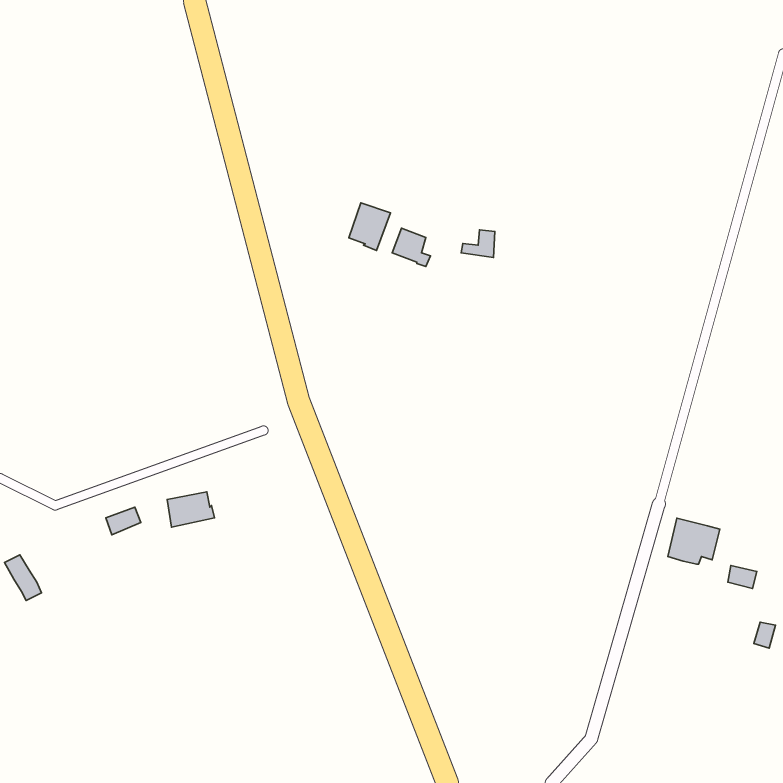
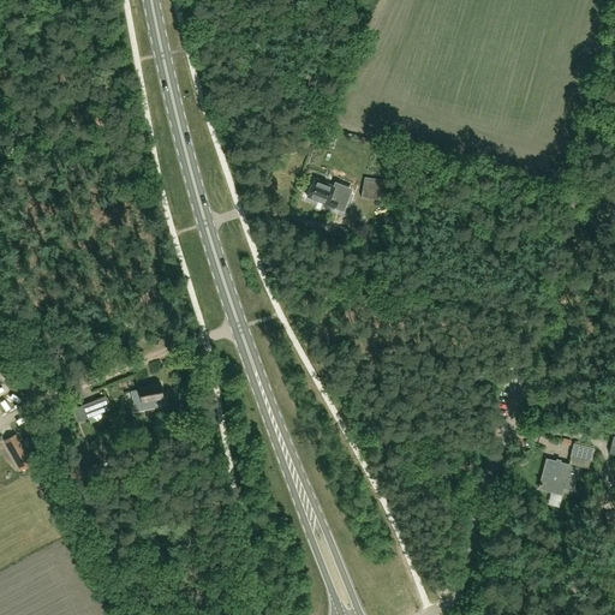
building: [349,203,391,250] -> none
building: [668,518,720,564] -> [538,459,579,495]

